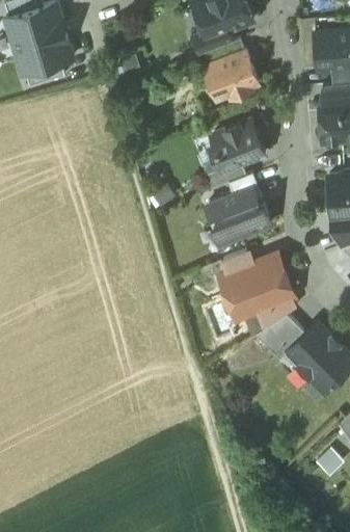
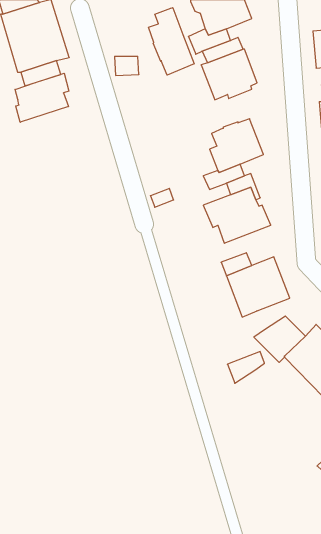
building: none -> [149,8,194,75]
building: none -> [15,73,69,122]
building: [259,296,295,327] -> [227,352,264,383]

